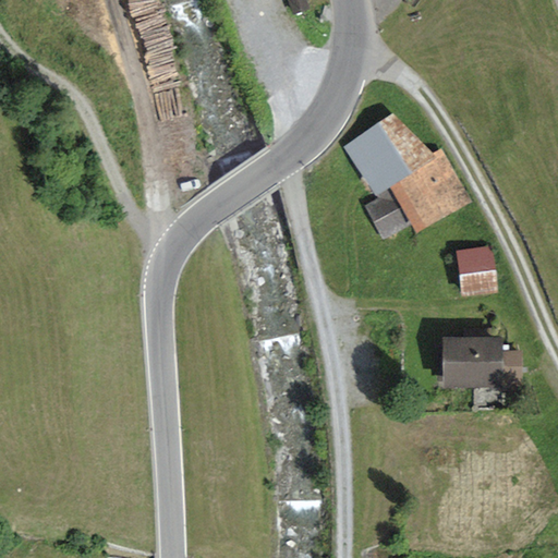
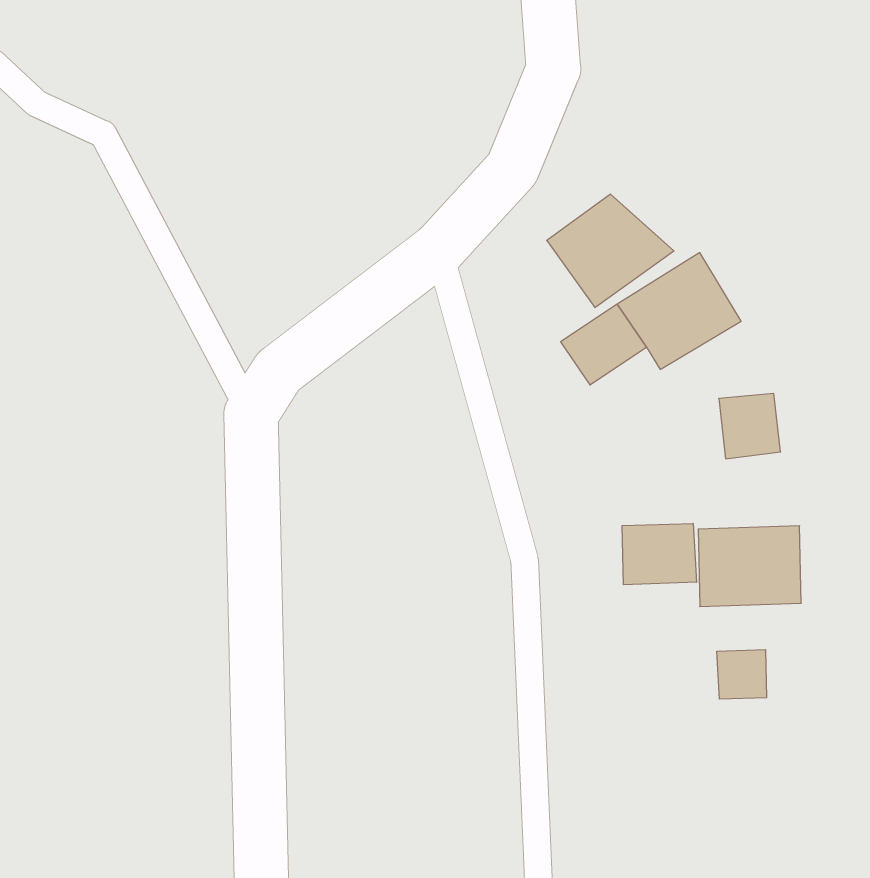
building: none -> [622,523,696,585]
building: none -> [717,650,767,699]

